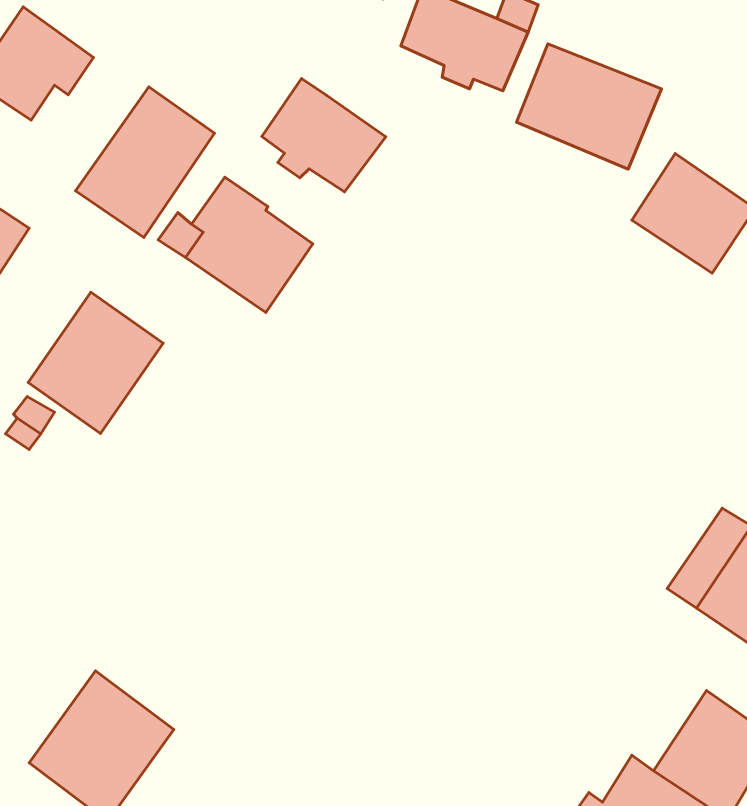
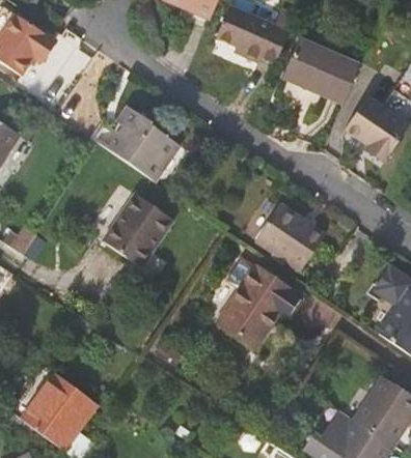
building: [262,79,386,192] -> none
building: [75,87,214,238] -> none
building: [28,292,163,433] -> [101,195,172,269]
building: none -> [254,204,324,270]
building: none -> [216,267,298,348]

